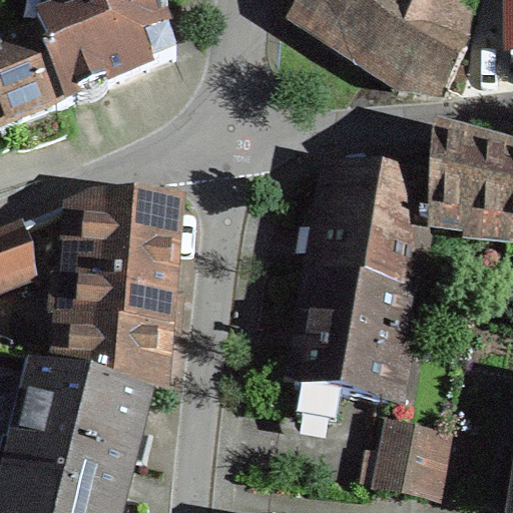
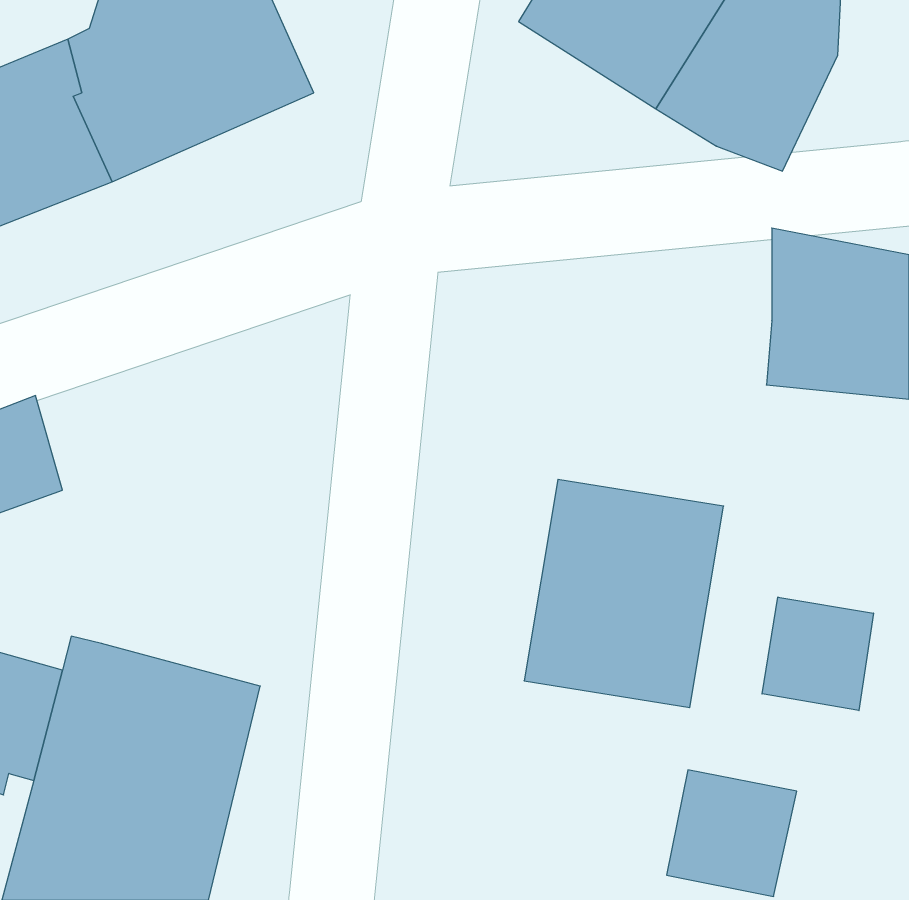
building: [314,163,434,287] -> none
building: [57,191,173,386] -> none
building: none -> [762,597,873,711]

